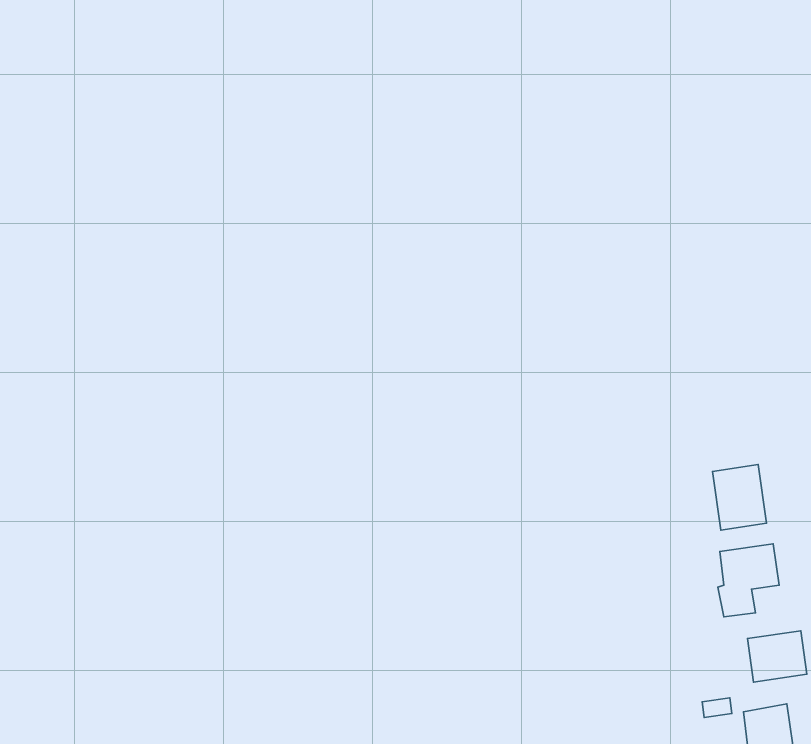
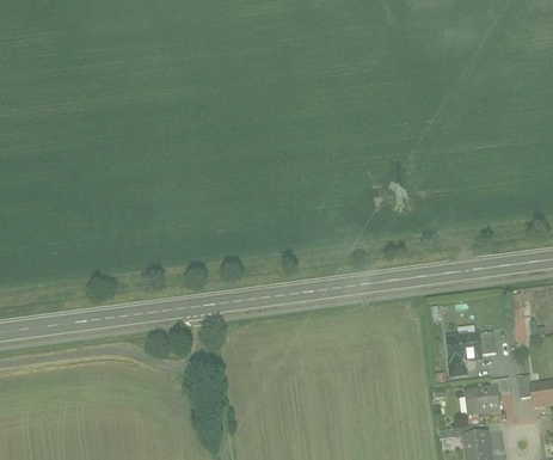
building: [712,465,767,530] -> none

